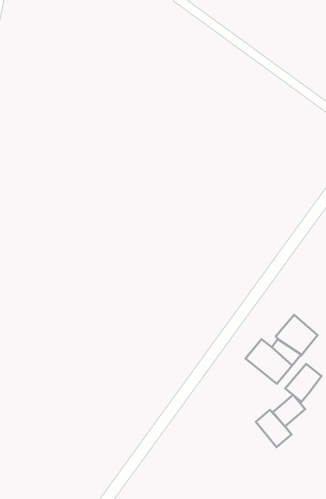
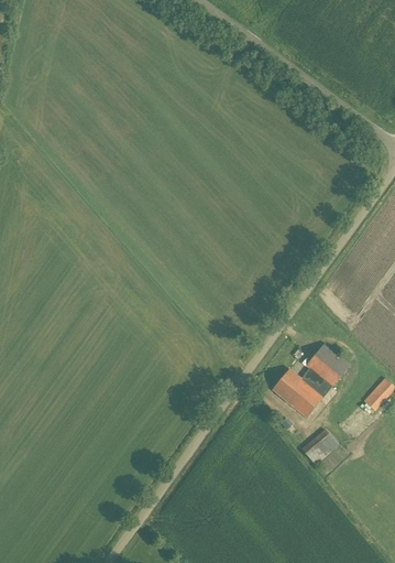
building: [285,364,321,402] -> none
building: [256,410,291,447] -> none

